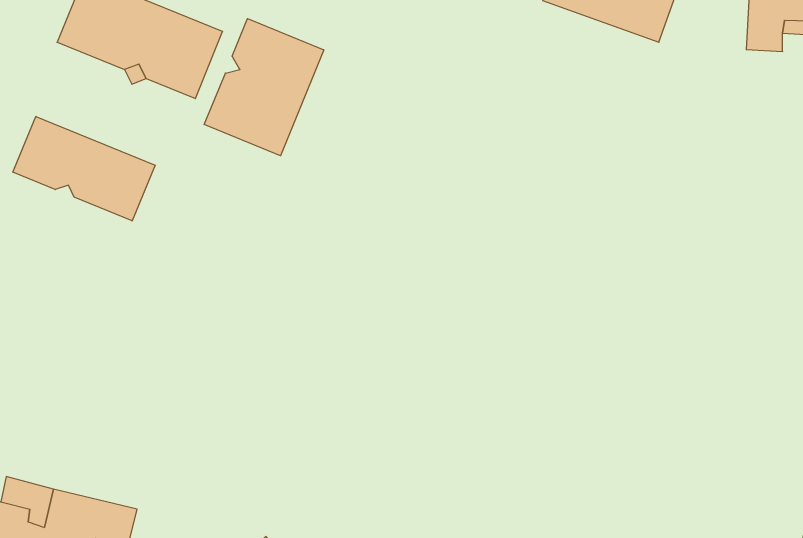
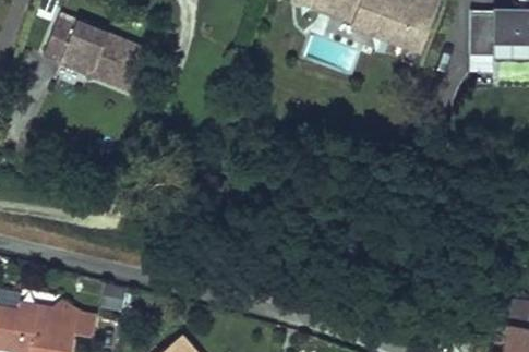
building: [204,19,324,156] -> none
building: [13,116,155,221] -> none

